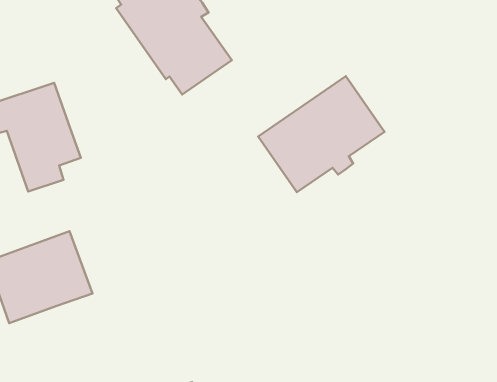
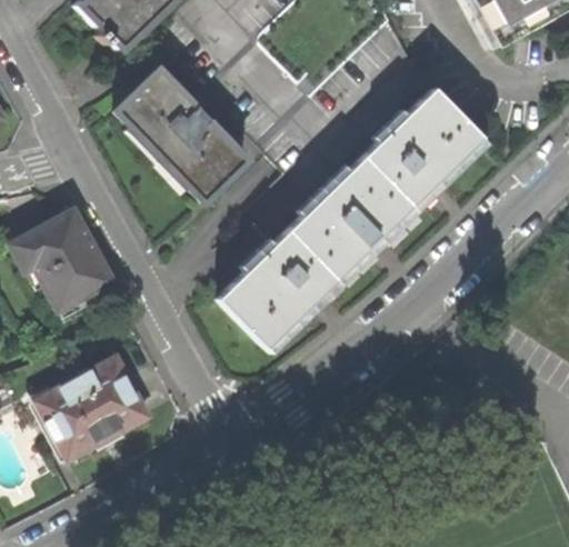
building: none -> [365,86,482,203]
building: none -> [219,229,336,346]

